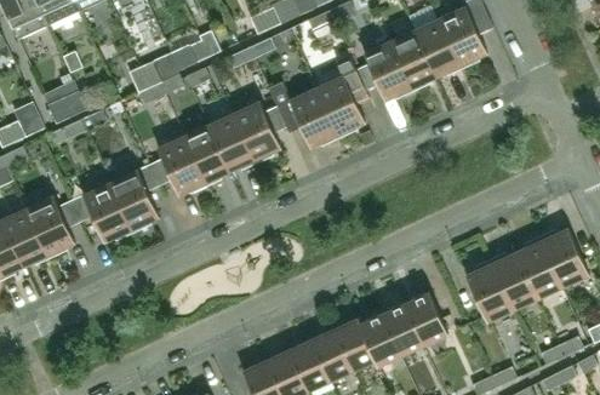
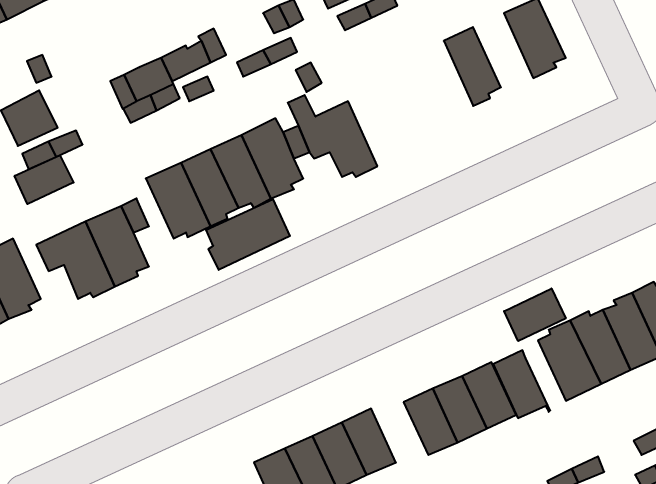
building: [415,18,462,76] -> none
building: [364,40,415,101] -> none
building: [316,58,370,138] -> none
building: none -> [15,155,74,204]
building: none -> [206,199,290,270]
building: none -> [504,288,566,341]
building: [335,317,379,371] -> [493,350,550,418]

